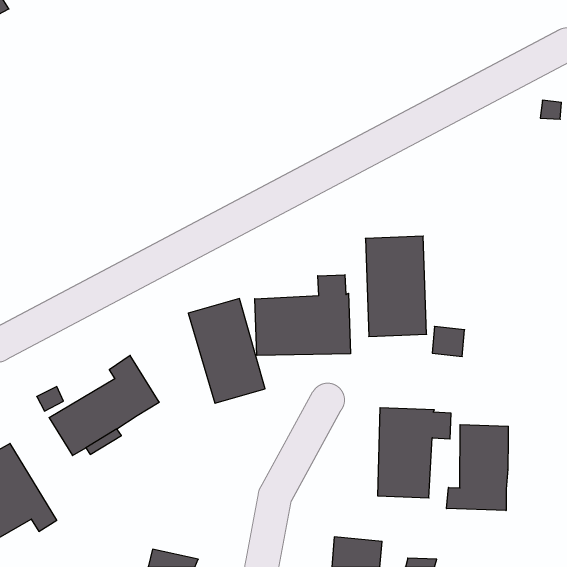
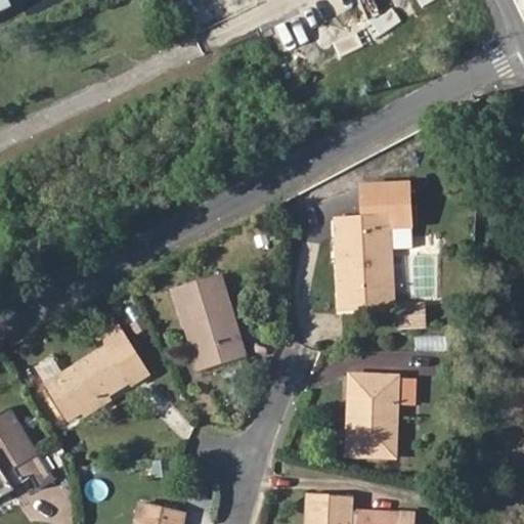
building: none -> [366,183,417,224]
building: [255,275,350,355] -> none
building: [447,425,508,511] -> none

